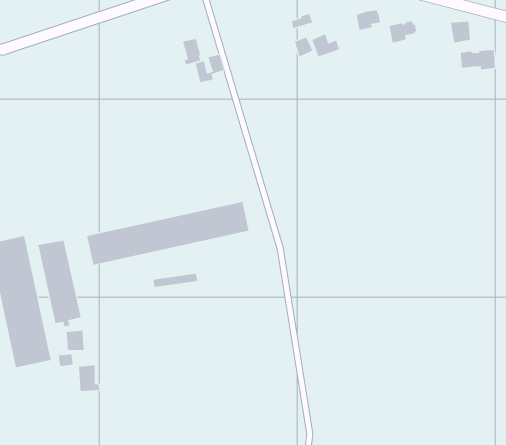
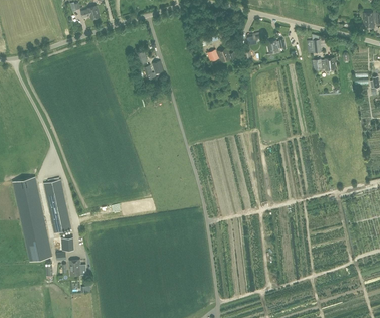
building: [87,201,249,266] -> none

